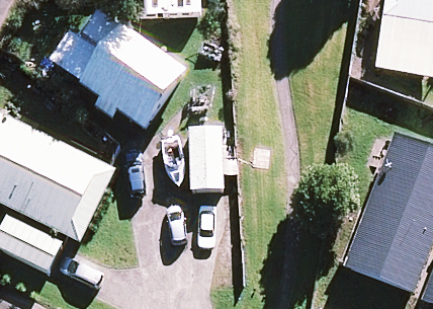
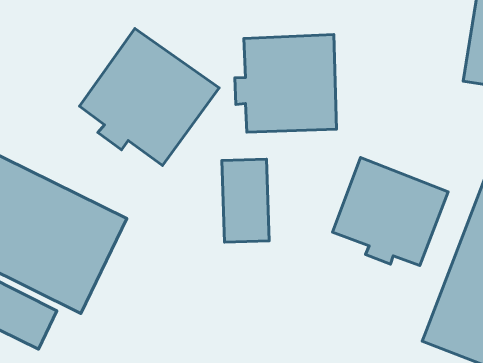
building: none -> [235,35,336,132]
building: none -> [333,157,448,266]

